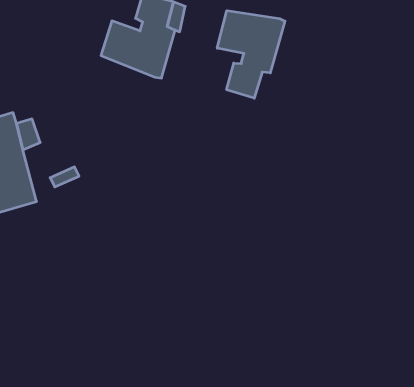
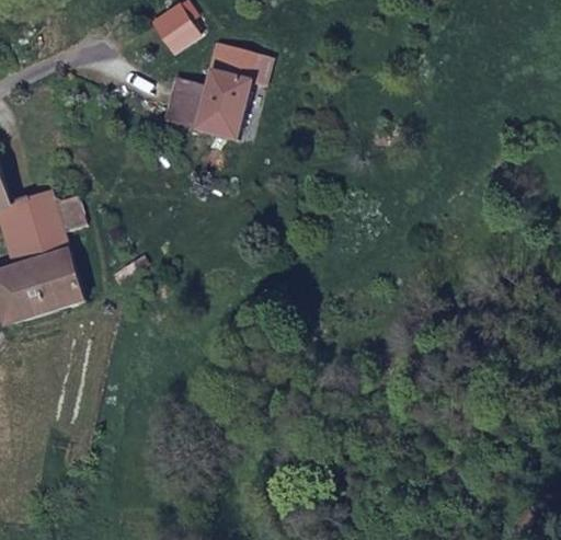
building: [217,11,285,98] -> none

